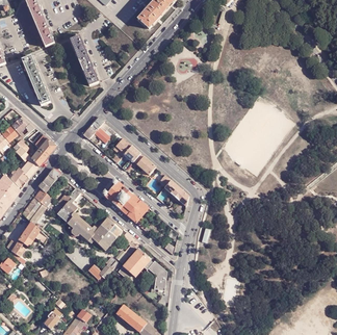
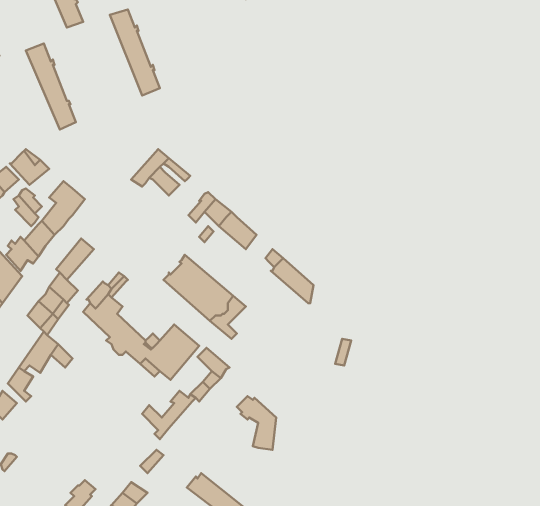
building: [118,248,151,280] -> none

